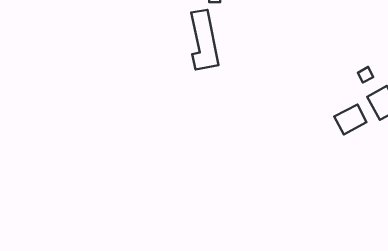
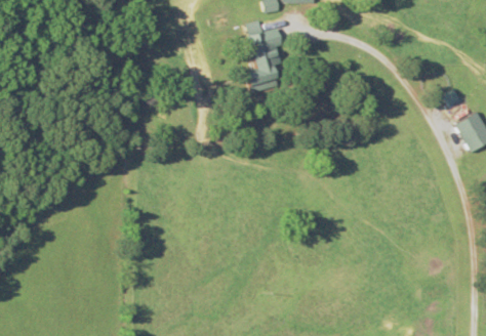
building: [334,105,366,135] -> none

